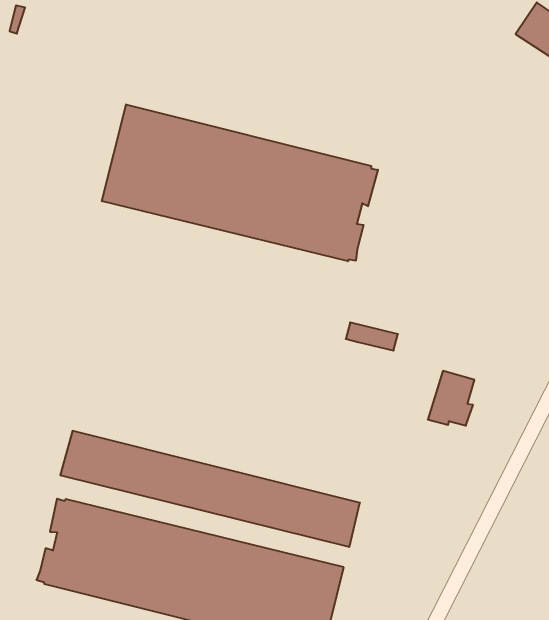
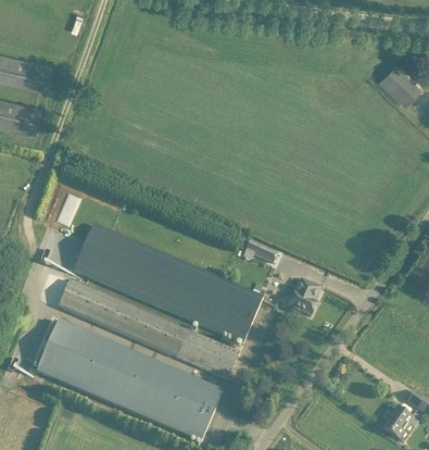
building: [102,104,378,261] -> none
building: none -> [74,224,263,342]

